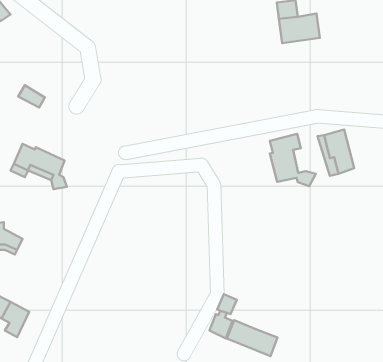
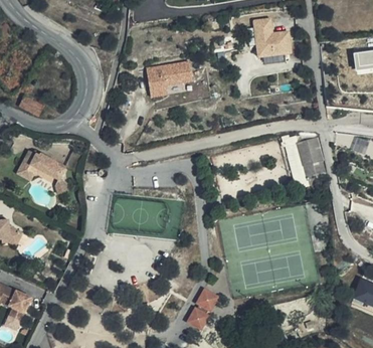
building: none -> [146,60,194,98]
building: [270,134,316,186] -> none
building: [227,320,277,356] -> none

